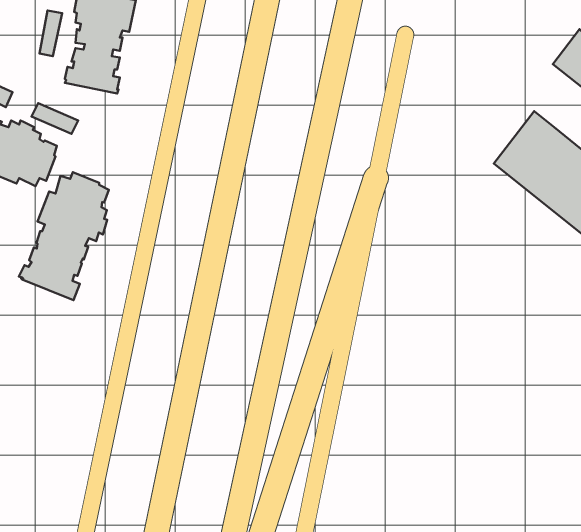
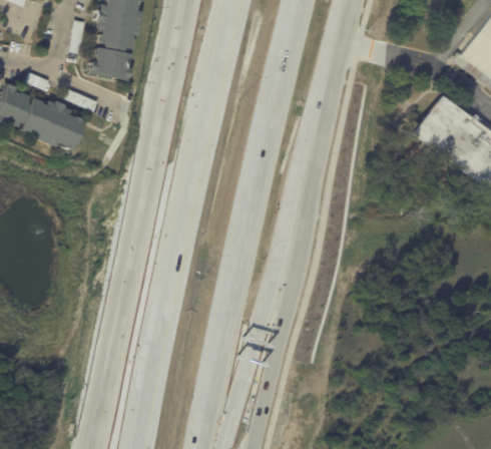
building: [19,172,109,300] -> none

